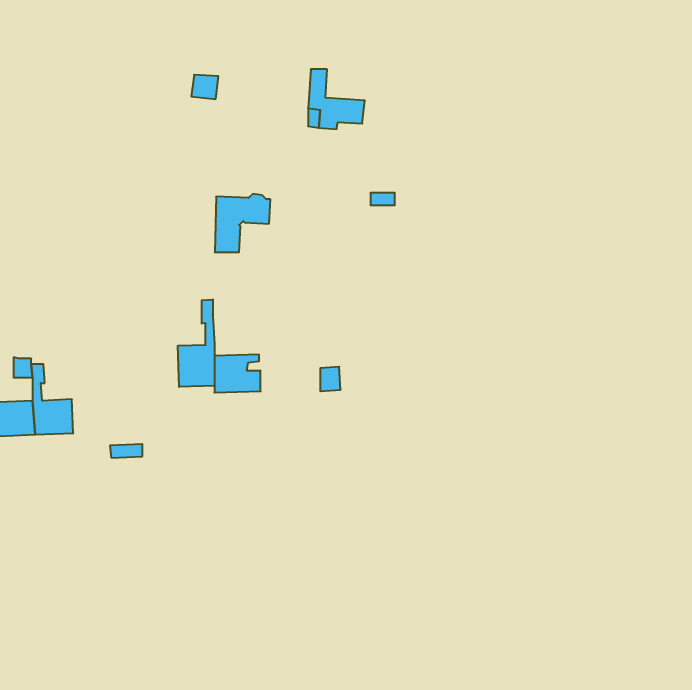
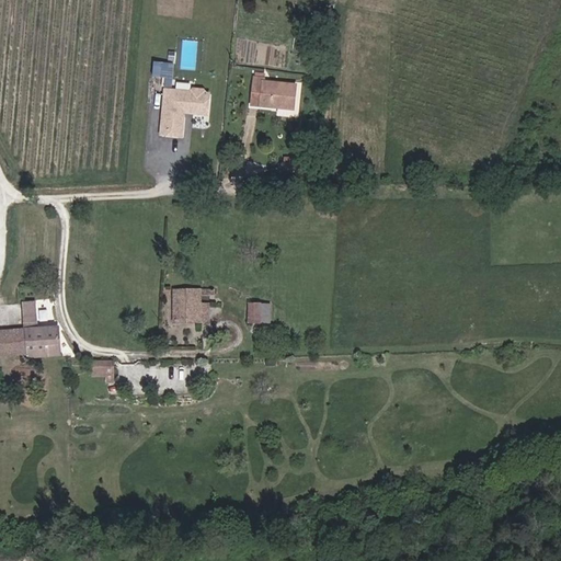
building: [215,194,270,252] -> [161,92,206,139]
building: [178,299,214,387] -> none

